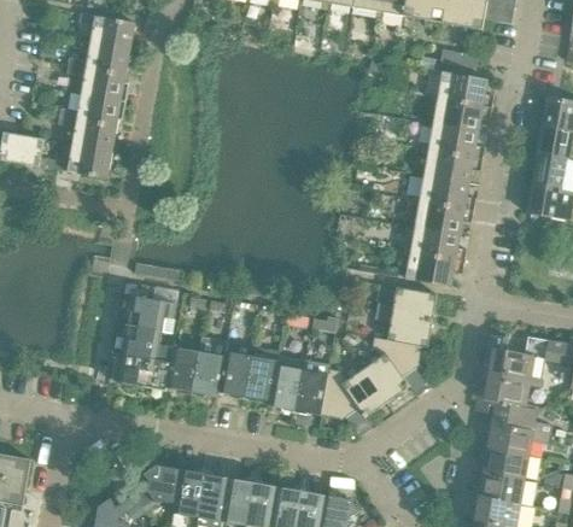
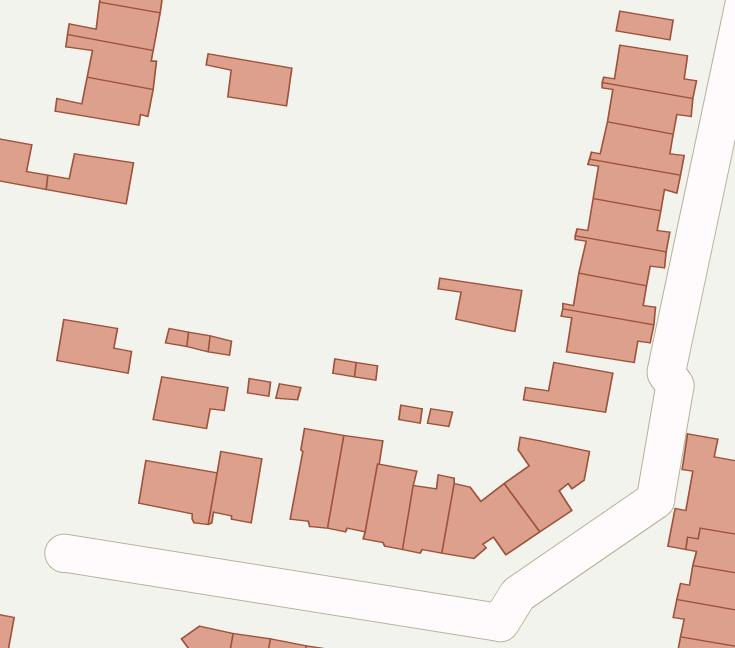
building: [58,116,116,151] -> [206,54,292,106]
building: [375,311,432,347] -> [438,278,522,332]
building: [121,324,171,361] -> [57,320,132,373]
building: [192,344,227,397] -> none

